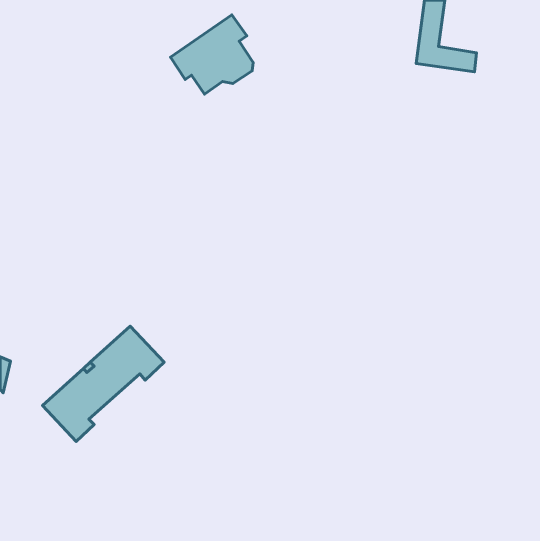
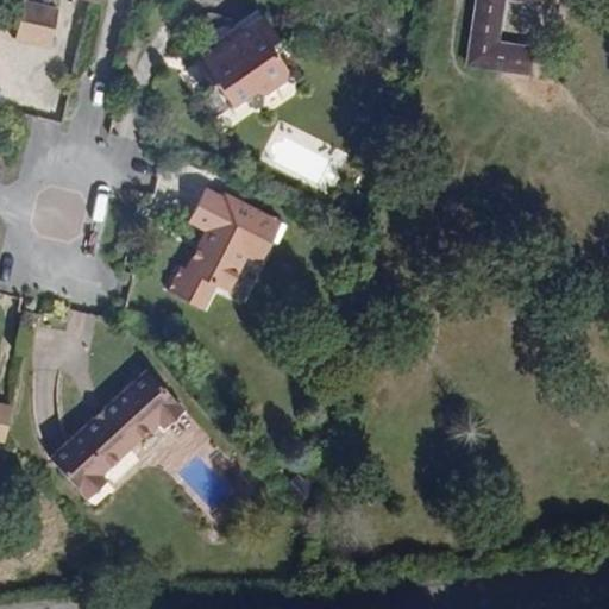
building: none -> [14,5,57,45]
building: none -> [168,188,289,308]

